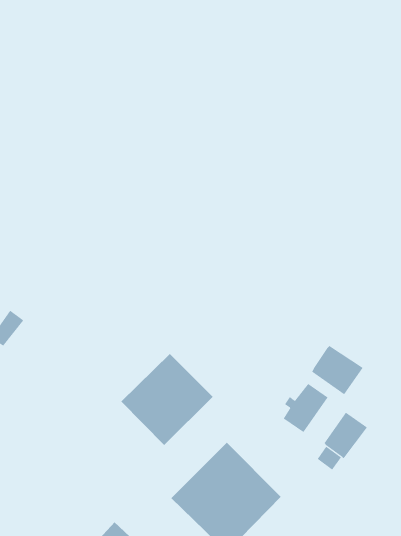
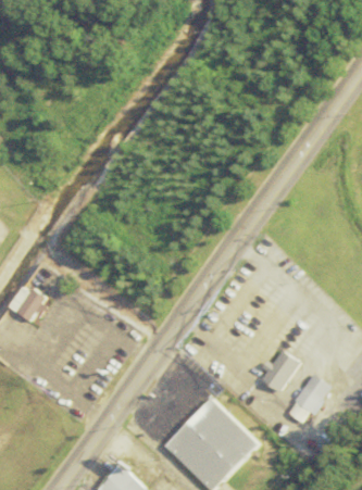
building: [311,345,364,395] -> none
building: [121,353,213,446] -> none

